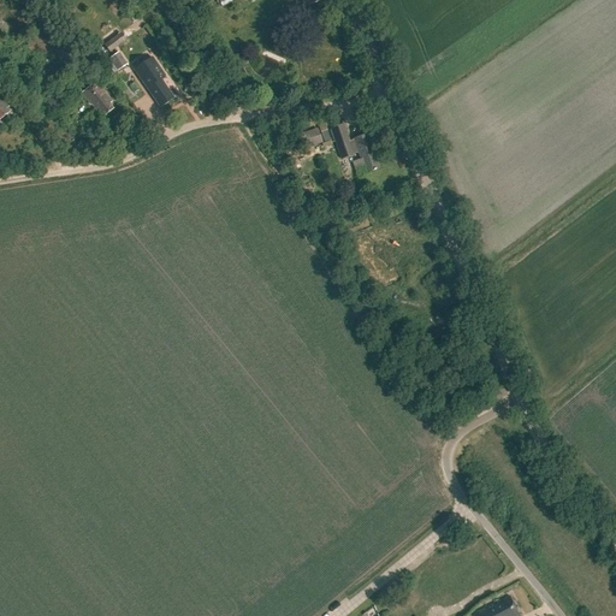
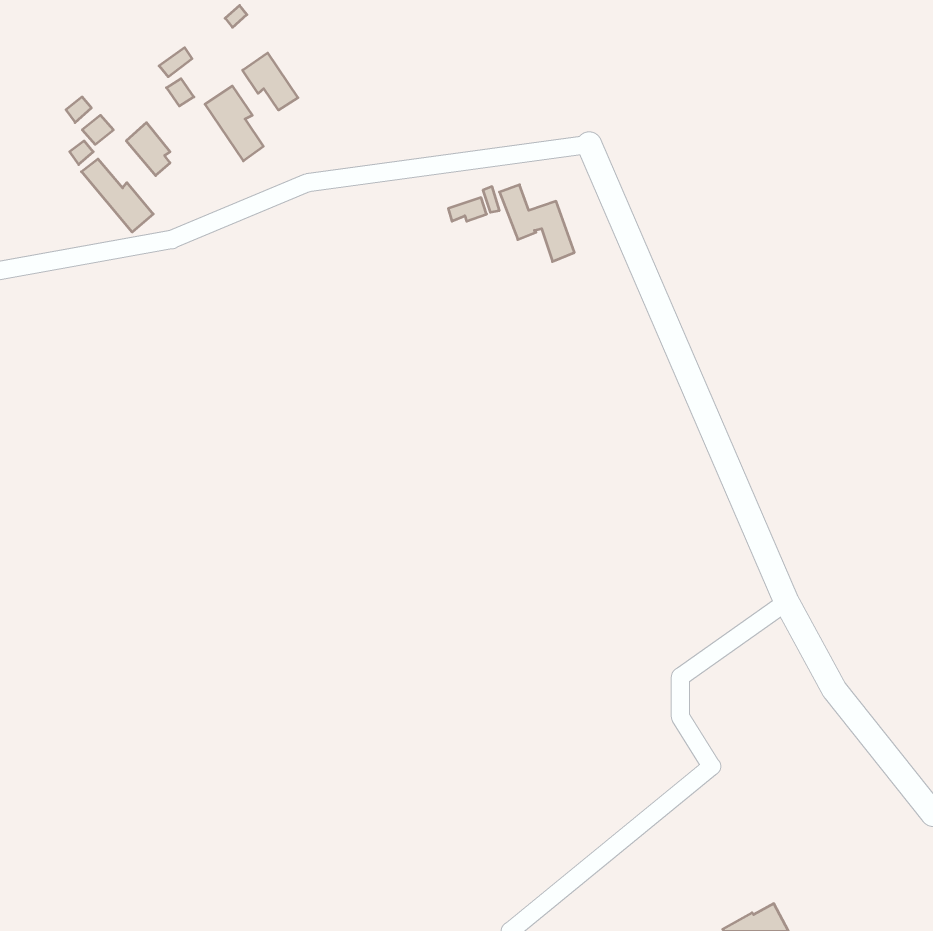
building: none -> [243,53,298,110]
building: none -> [81,159,153,232]

